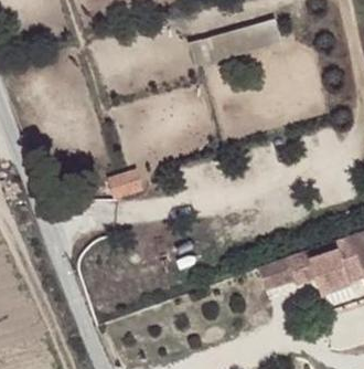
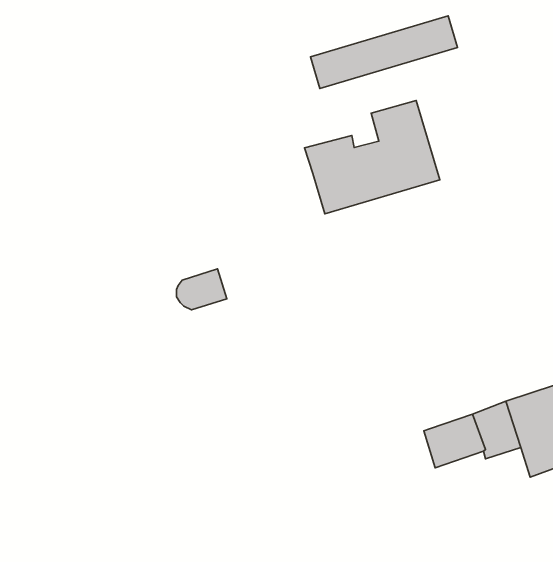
building: none -> [305,101,440,214]

